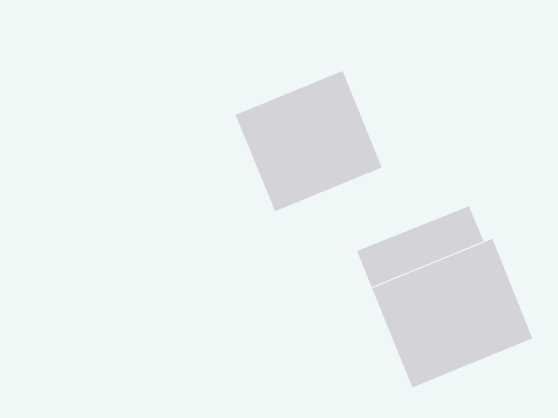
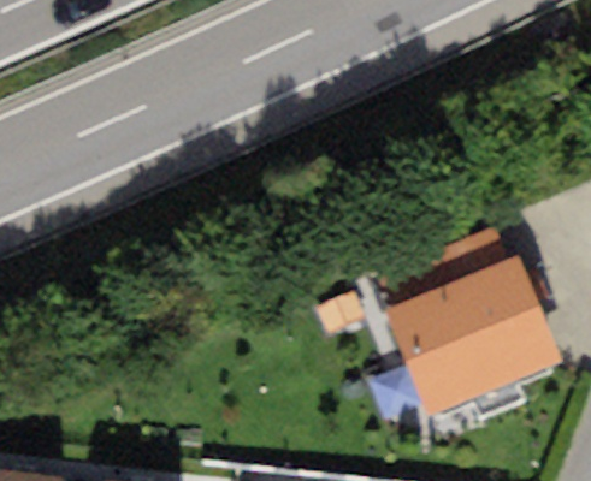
building: [235,70,382,212] -> none

